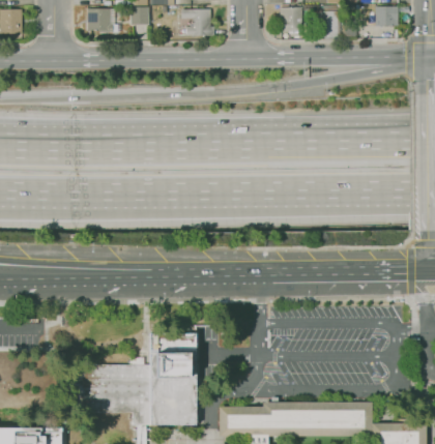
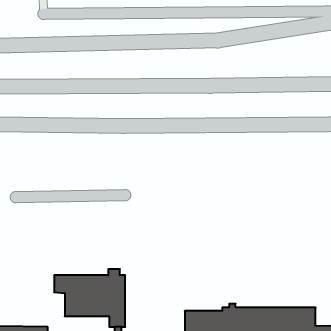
building: [150,326,196,425] -> none

